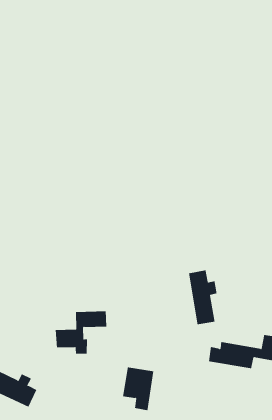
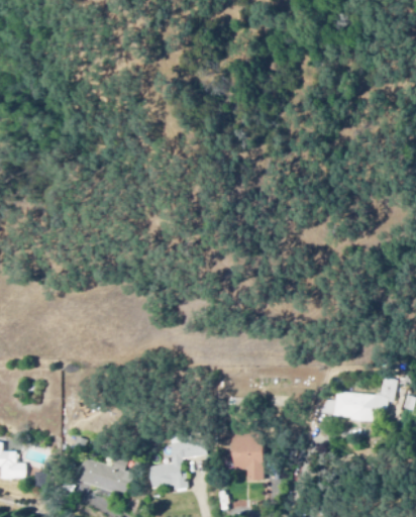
building: [189,270,217,325] -> none
building: [55,311,107,354] -> [147,438,206,492]

